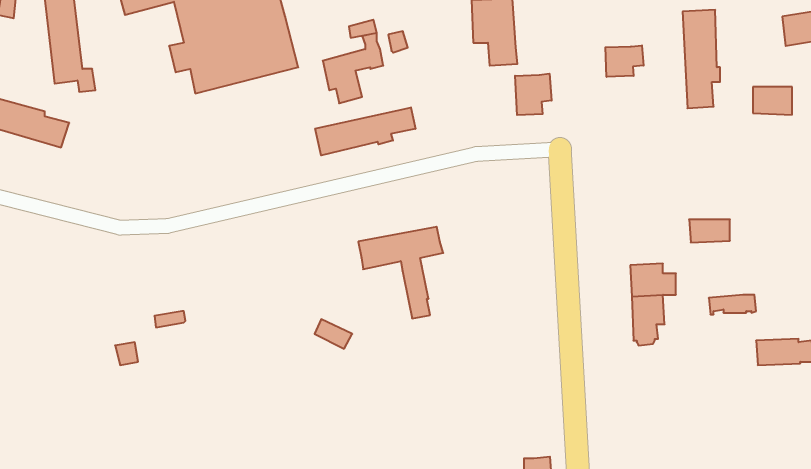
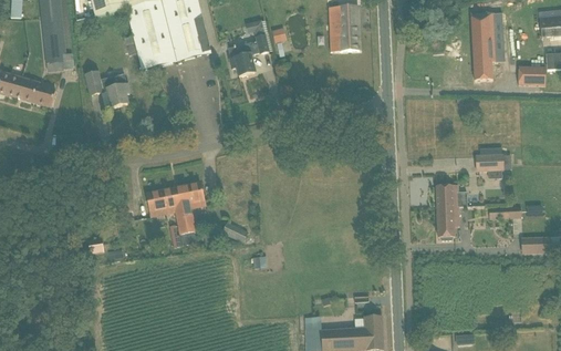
building: [605,45,644,77] -> none
building: [515,74,552,115] -> none
building: none -> [85,71,129,107]
building: [315,107,415,155] -> none
building: [358,227,443,318] -> [147,183,205,245]

